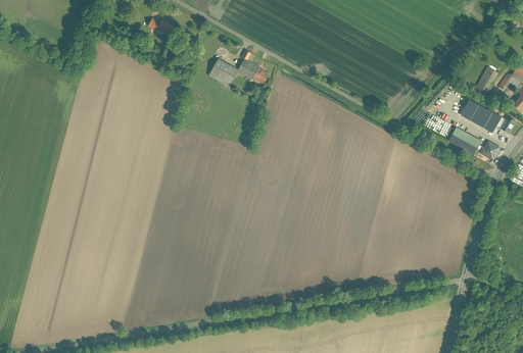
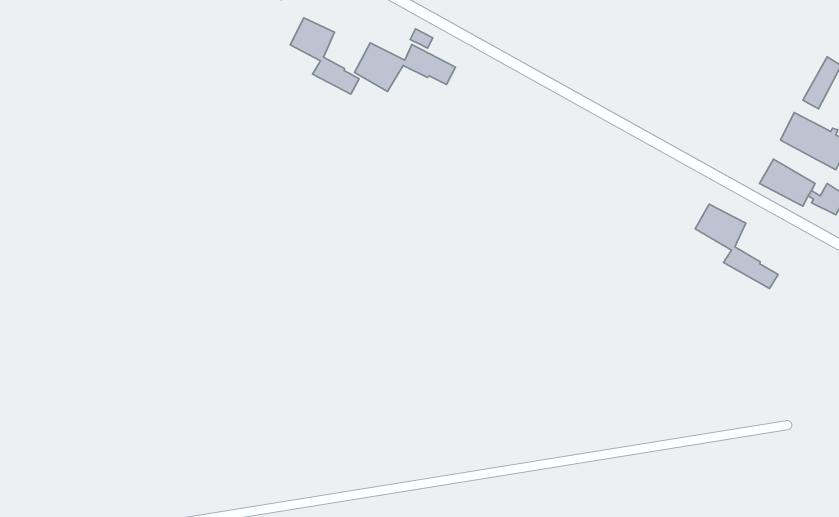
building: none -> [290,18,359,94]
building: none -> [695,204,778,289]

